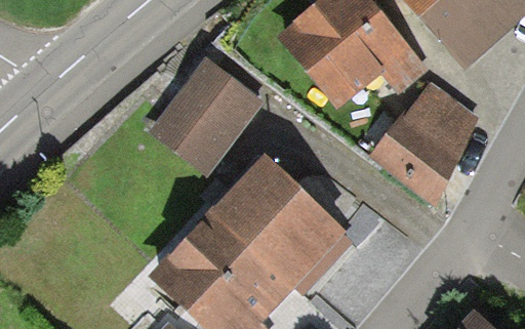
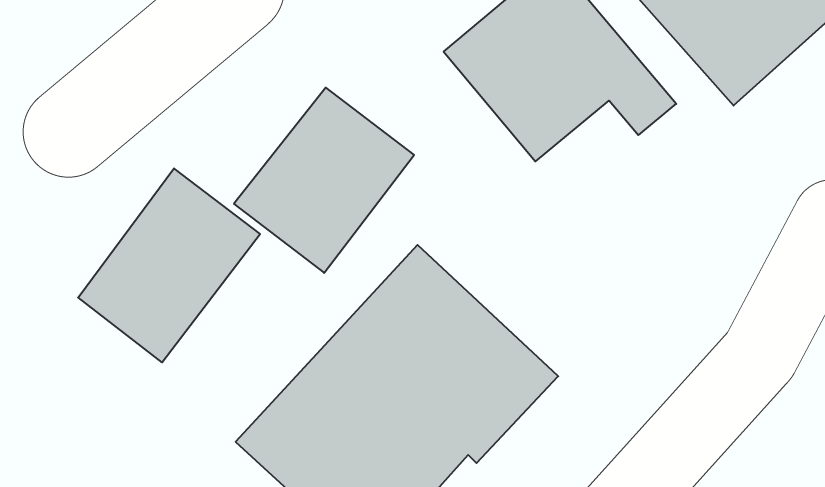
building: [368,81,479,208] -> none
building: none -> [78,168,260,362]

